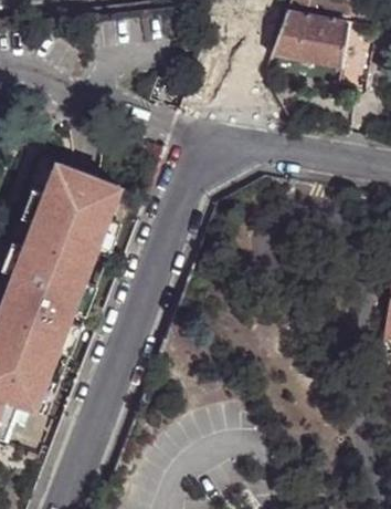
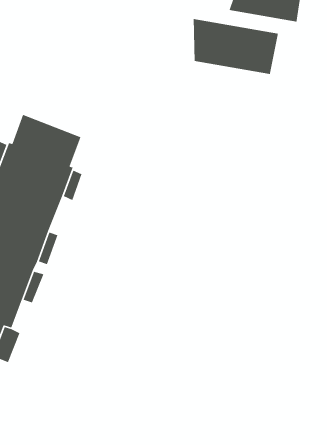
building: none -> [193,18,279,75]

